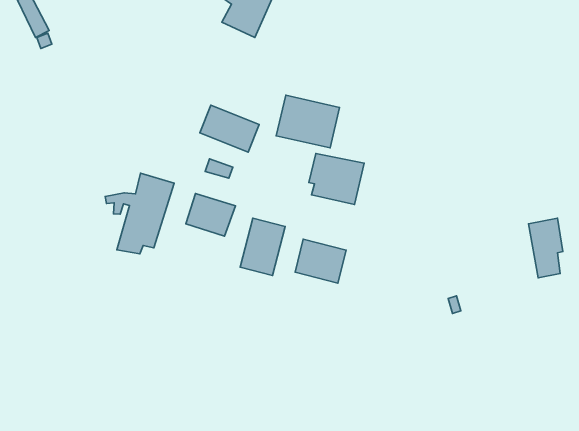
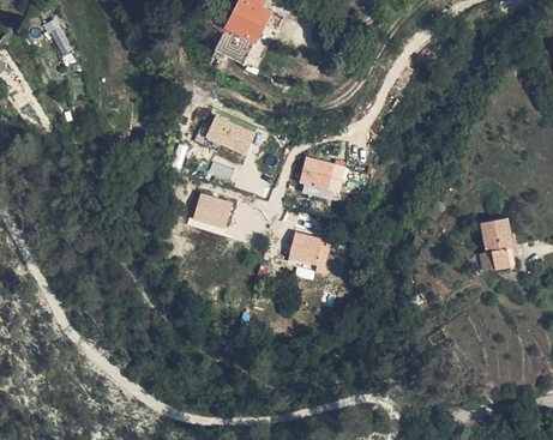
building: [276,95,339,148] -> none
building: [105,173,174,254] -> none
building: [240,218,285,276] -> none

